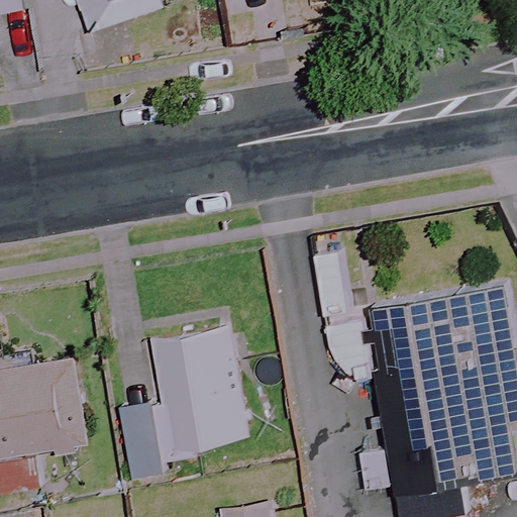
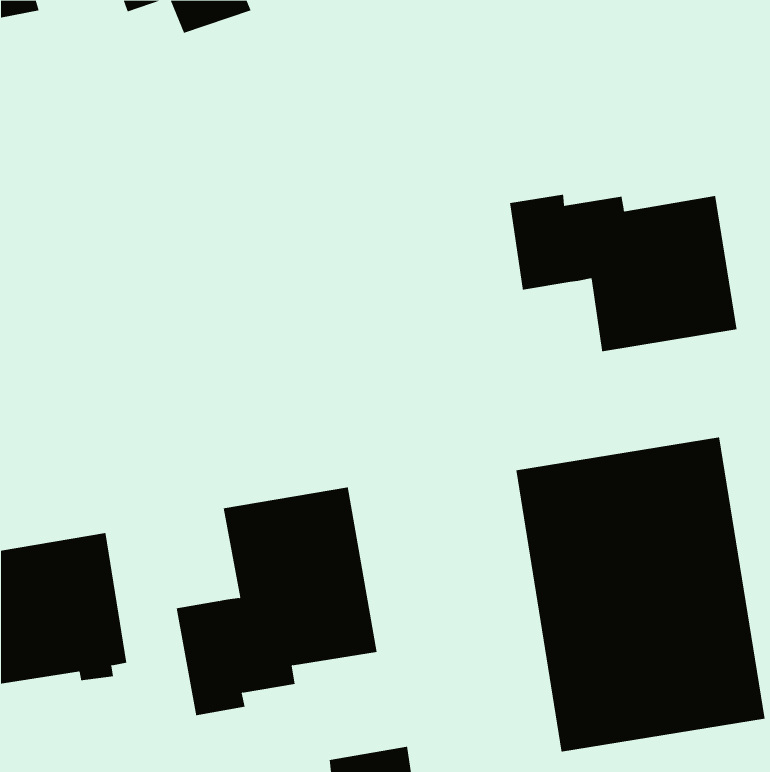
building: none -> [509,194,737,352]

